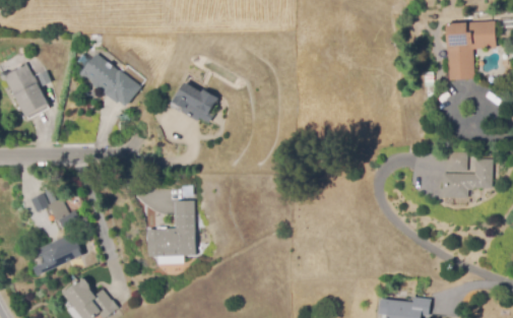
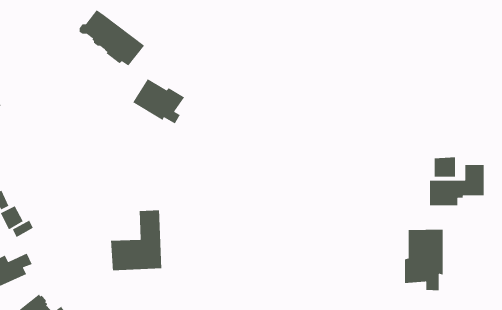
building: [446,21,496,79] -> none
building: [80,53,141,106] -> [79,9,145,66]
building: none -> [404,229,444,291]

